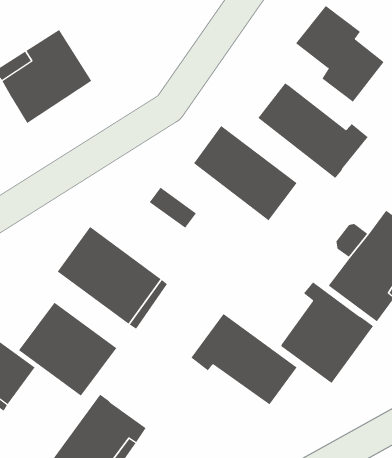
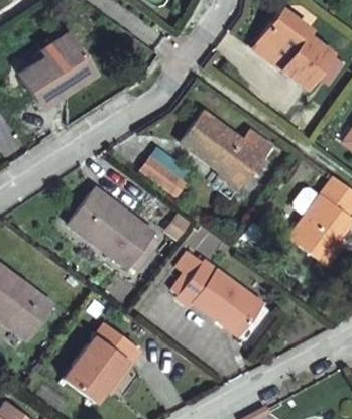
building: [258,83,368,179] -> none
building: [280,282,374,384] -> none
building: [18,302,117,397] -> none

